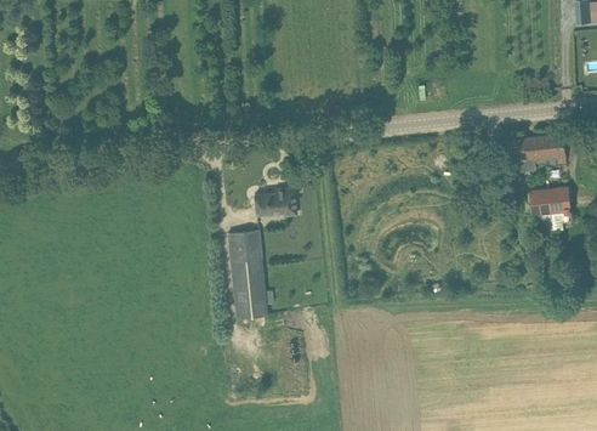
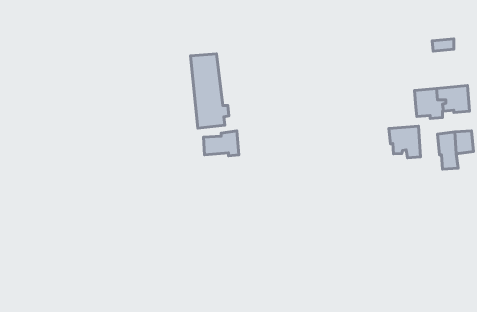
building: none -> [389,126,421,158]
building: [228,231,273,318] -> [191,54,229,128]

